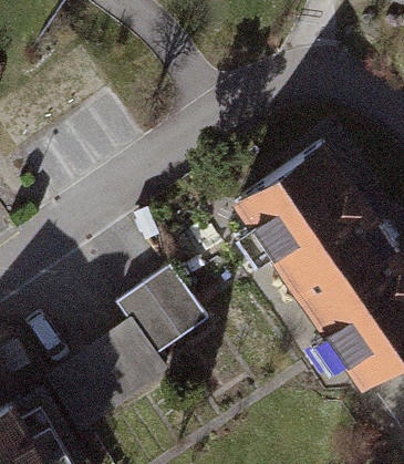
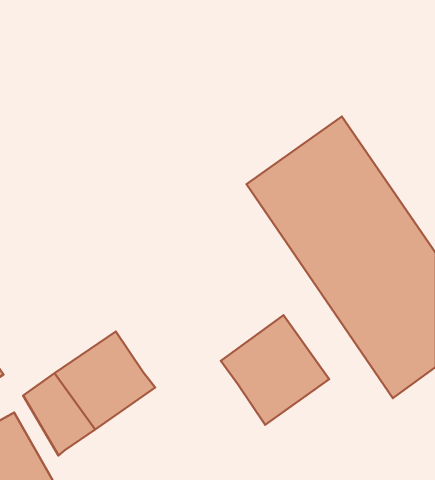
building: [117,269,209,362] -> [221,315,329,425]

